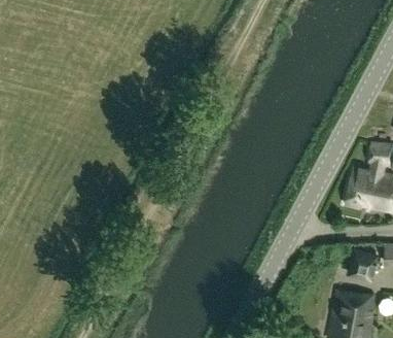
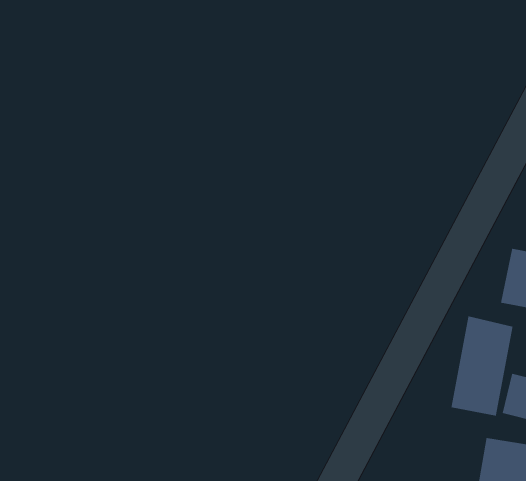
building: none -> [451,316,513,417]

